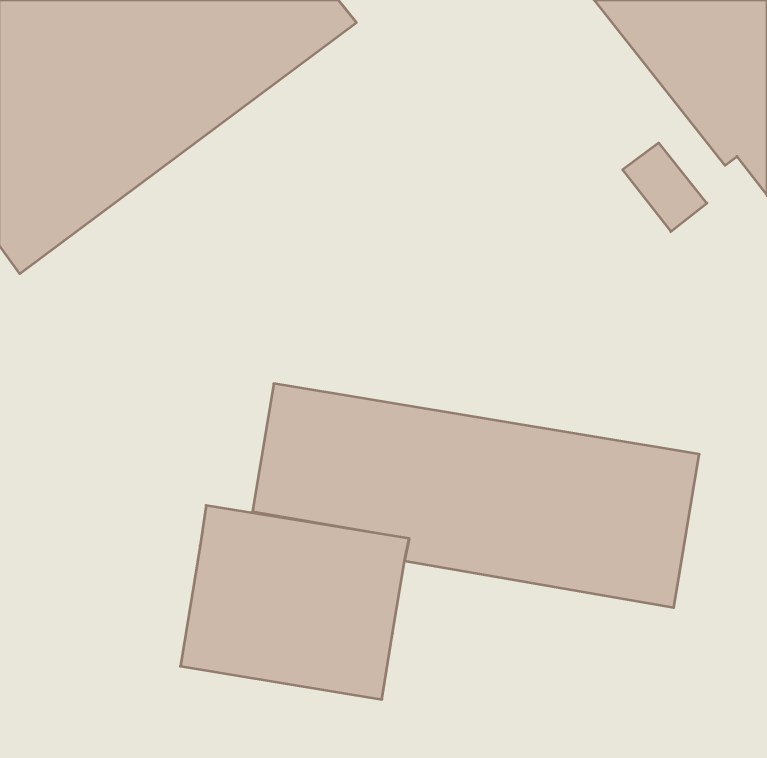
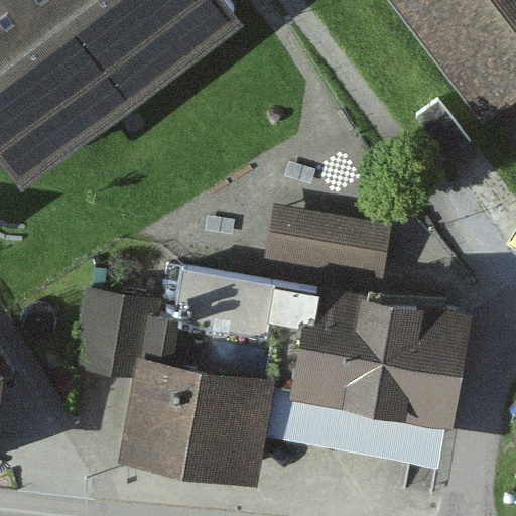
building: none -> [265,206,394,275]
building: none -> [75,285,146,373]
building: none -> [263,383,452,462]

